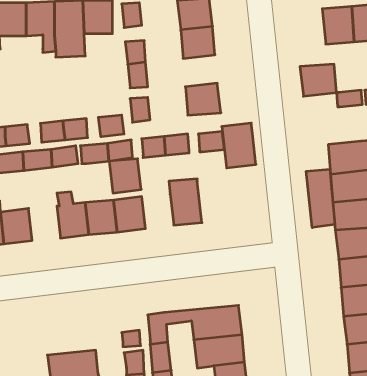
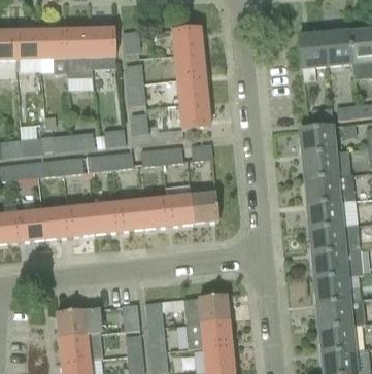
building: none -> [177,76,207,104]
building: [300,64,336,96] -> [301,127,333,155]
building: [222,123,256,168] -> [190,183,219,223]
building: [109,159,141,193] -> [141,198,169,228]
building: [306,169,335,228] -> none
building: none -> [42,208,70,238]
building: none -> [57,308,101,338]

